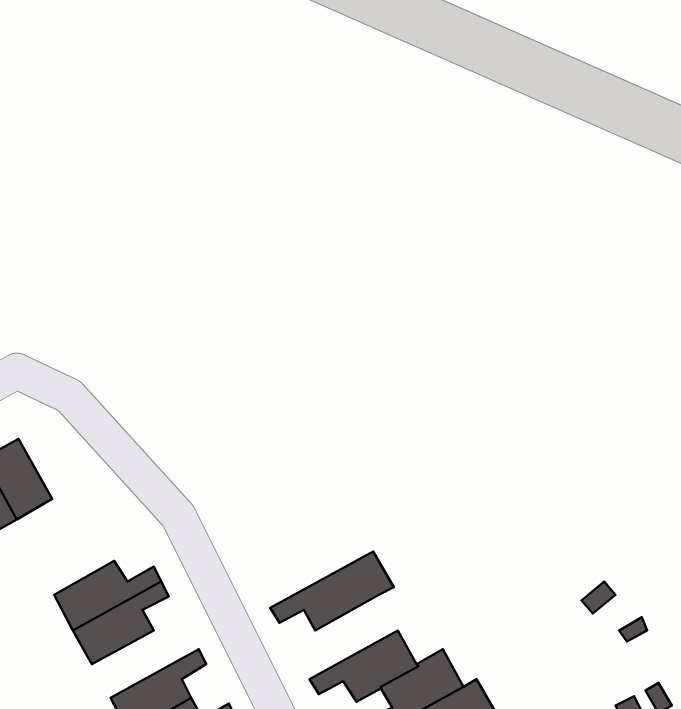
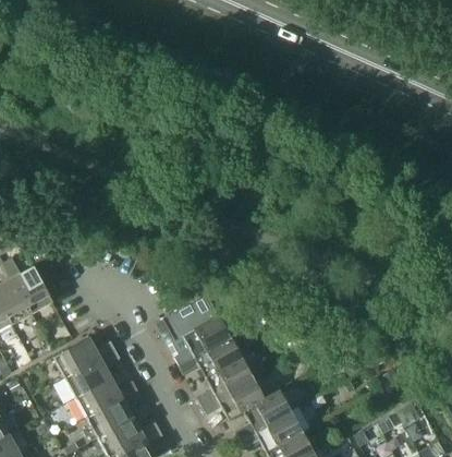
building: none -> [156,294,239,364]
building: none -> [197,357,253,406]
building: none -> [75,377,137,417]

